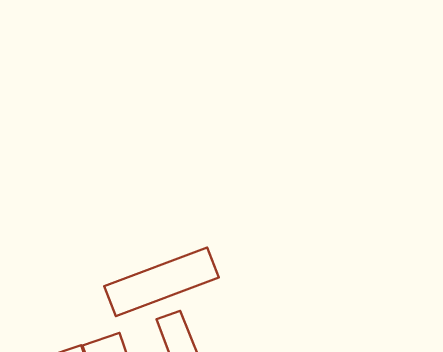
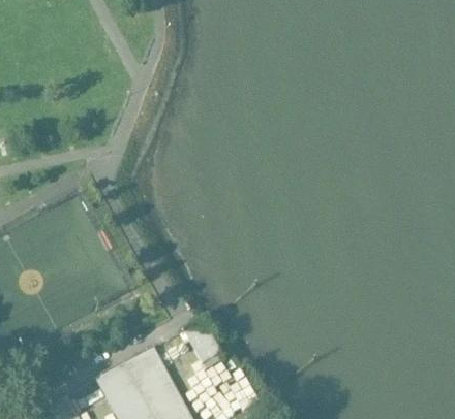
building: [104,247,219,316] -> none

